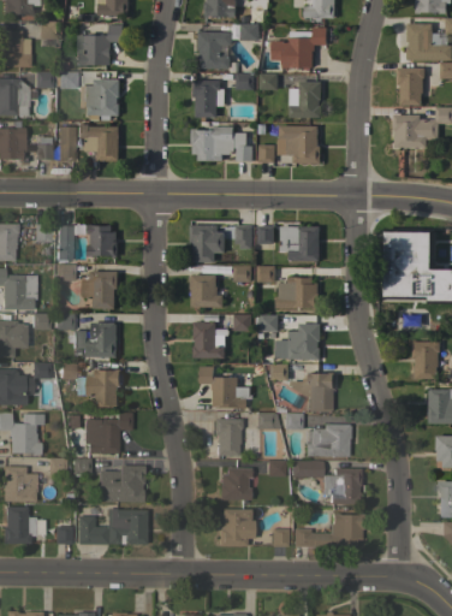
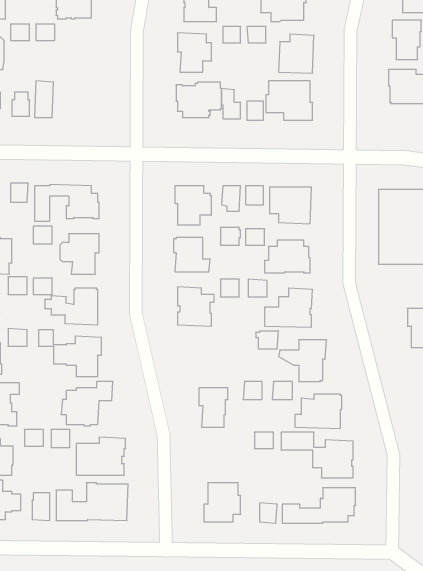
building: [79,79,120,116] -> none
building: [78,124,120,161] -> none
building: [201,366,250,408] -> none
building: [219,467,251,499] -> none

